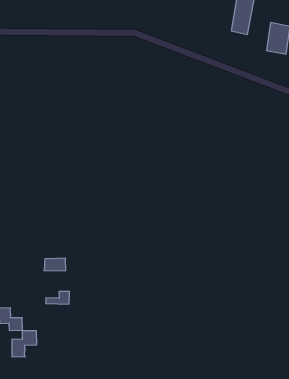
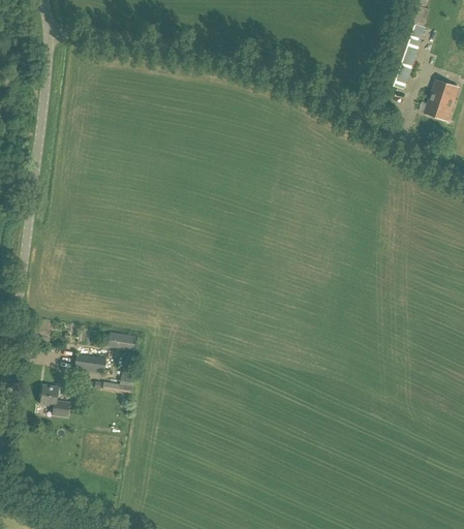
building: none -> [74,352,106,372]
building: [12,331,36,357] -> none

